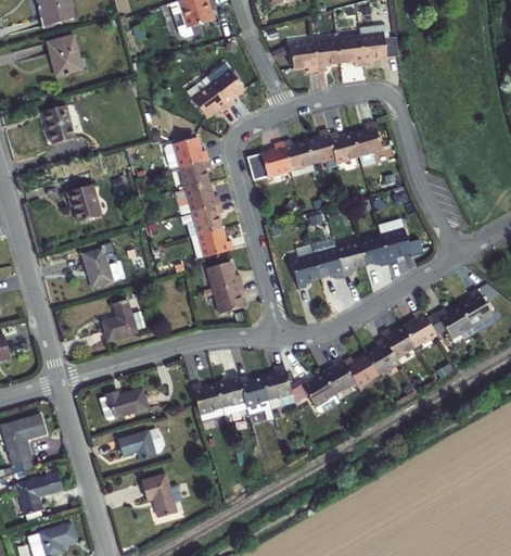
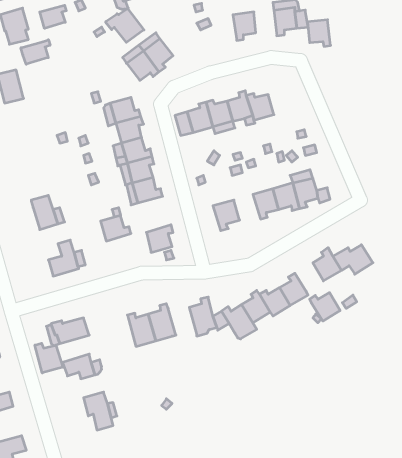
building: none -> [40,5,66,28]
building: none -> [106,8,144,42]
building: [336,37,362,67] -> [308,20,331,46]
building: [290,42,317,73] -> none
building: none -> [21,40,50,64]
building: [353,122,382,156] -> none
building: [66,185,101,222] -> none
building: [314,248,344,278] -> none
building: [207,262,242,291] -> [101,215,131,241]
building: [459,289,491,326] -> none
building: [381,326,416,358] -> [310,293,340,321]
building: [239,376,271,414] -> none
building: none -> [35,343,63,373]

